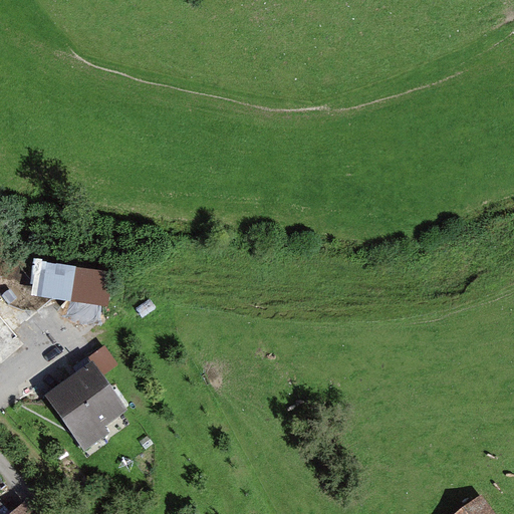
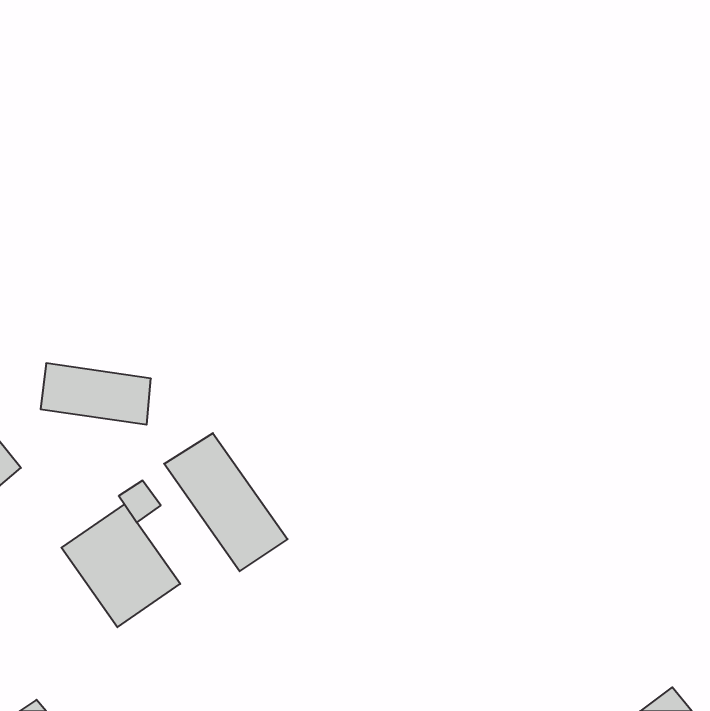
building: none -> [164,433,288,571]

